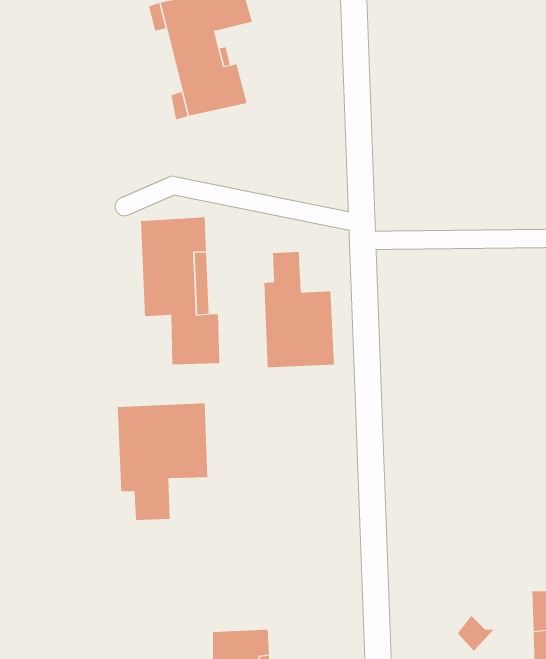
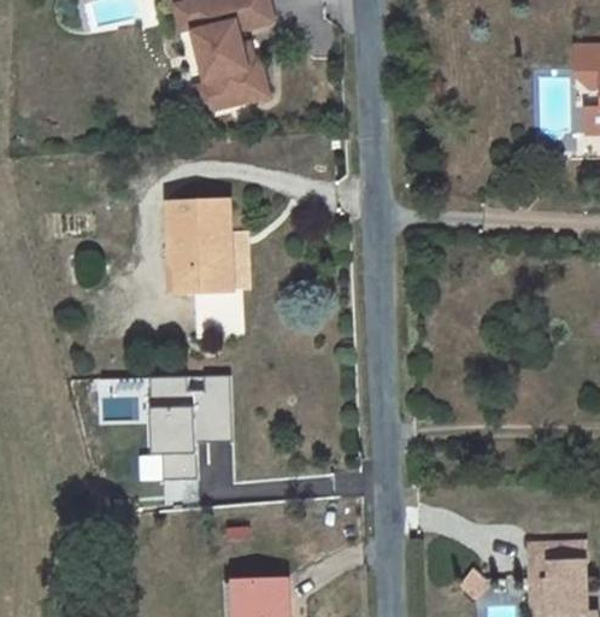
building: [264,251,334,368] -> none

